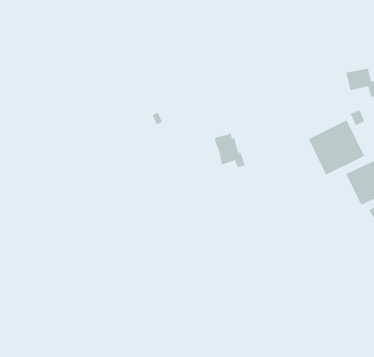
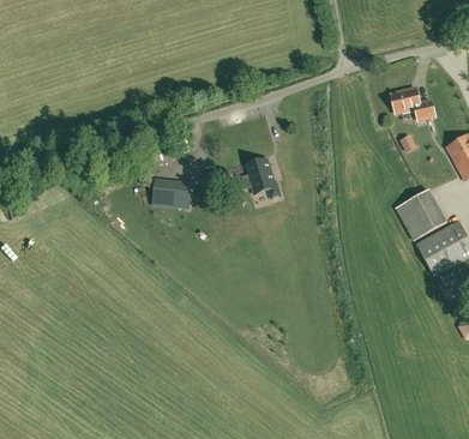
building: [308,119,365,176] -> none
building: none -> [152,178,180,205]

